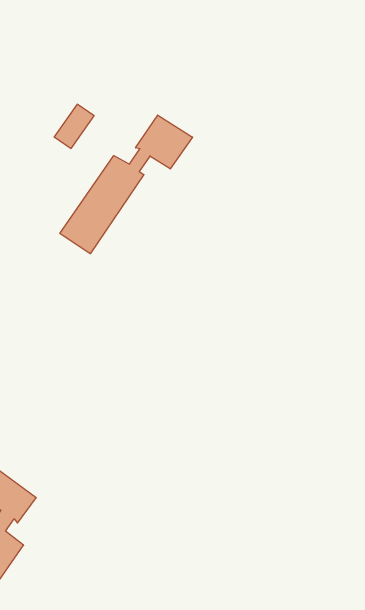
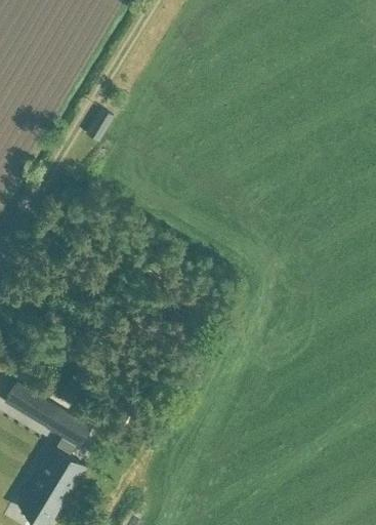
building: [60,115,193,254] -> none

